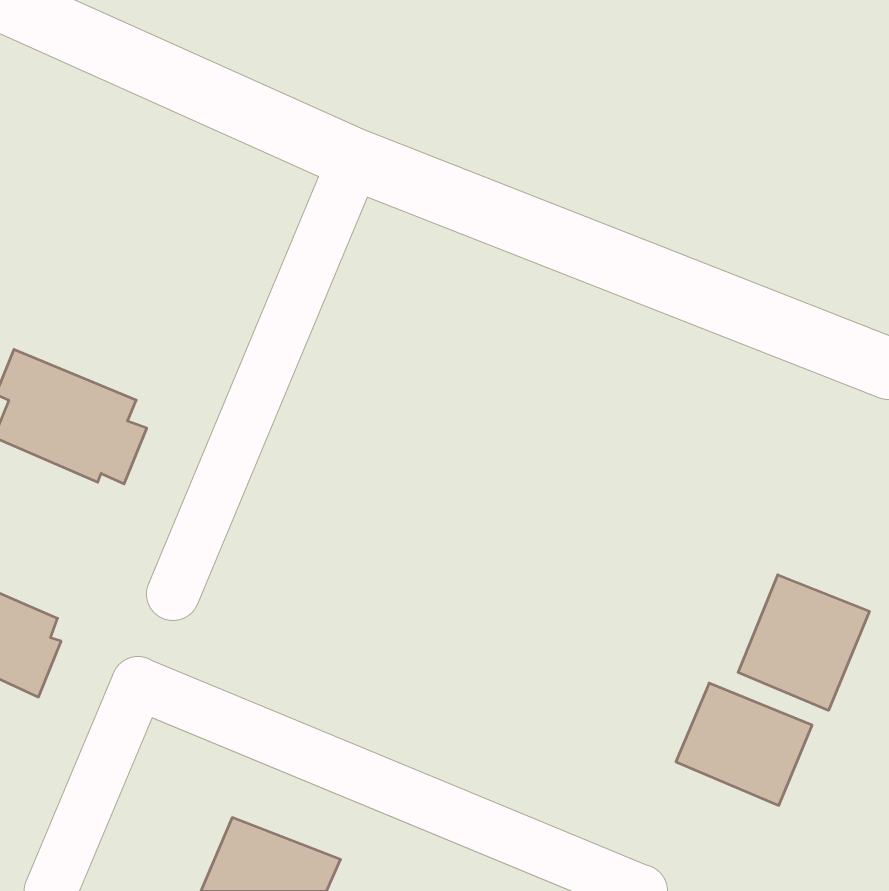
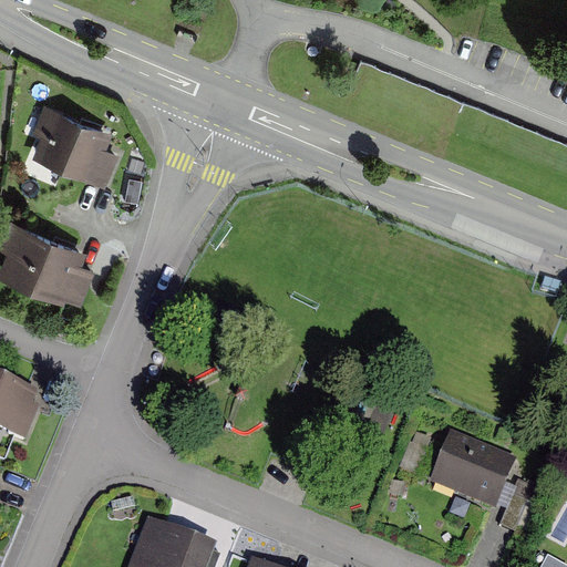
building: none -> [31,106,117,188]
building: [738,575,869,710] -> none

